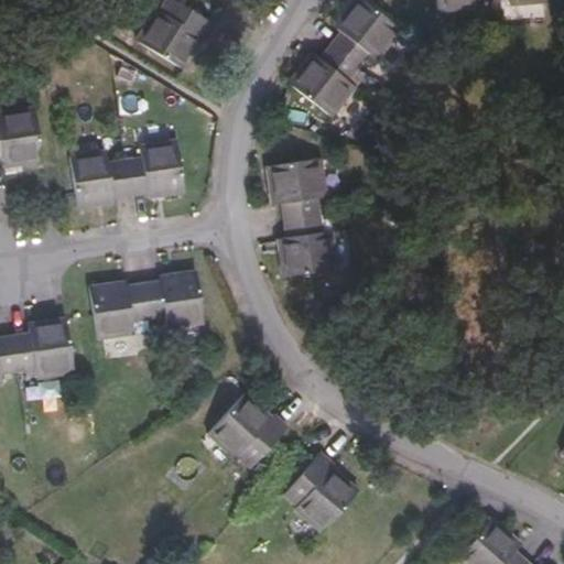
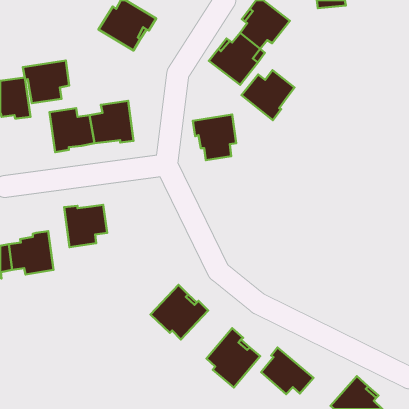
building: none -> [23,61,69,103]
building: none -> [241,70,295,120]
building: [279,215,336,276] -> none
building: [142,270,203,329] -> none
building: none -> [261,347,314,394]

